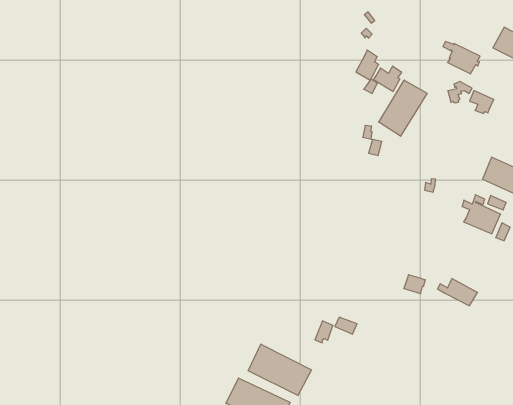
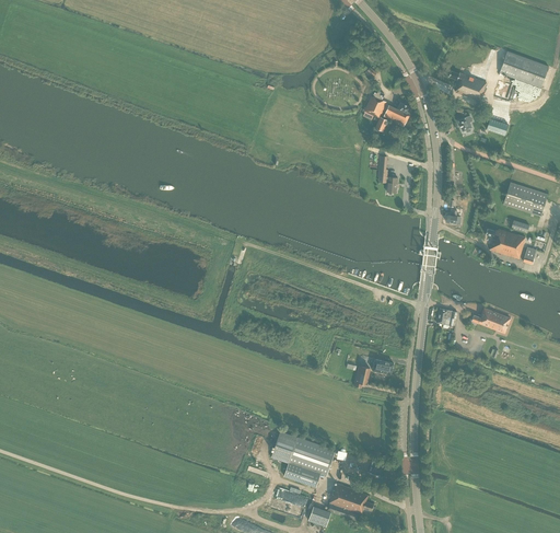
building: [379,80,427,136] -> none
building: [248,344,311,396] -> none

